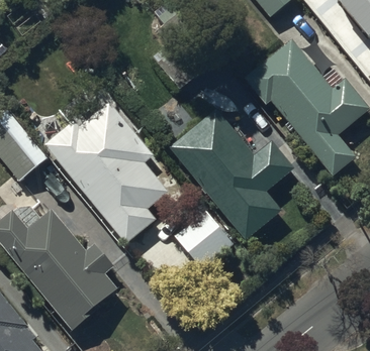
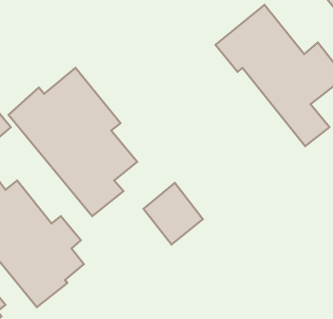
building: [169,107,294,239] -> none

